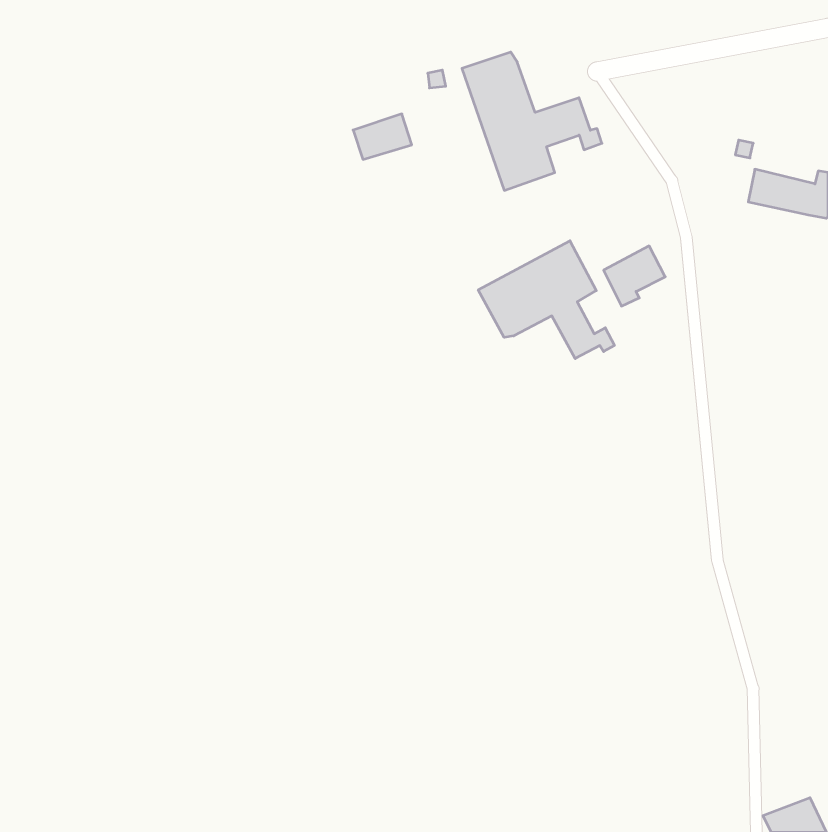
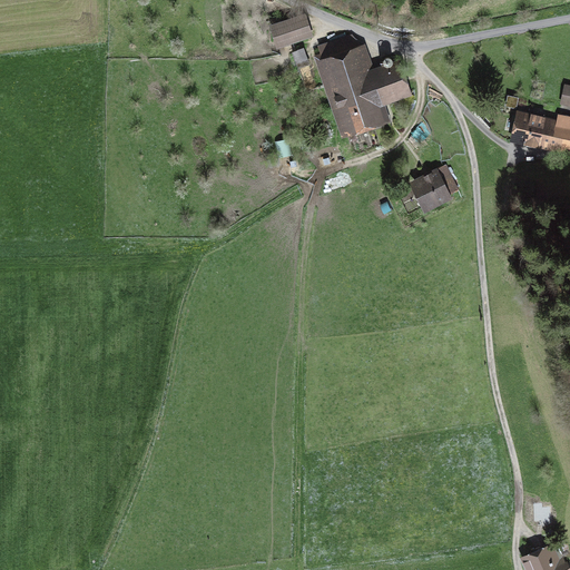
building: [353,114,412,159] -> [269,14,309,46]
building: [478,241,614,359] -> none

